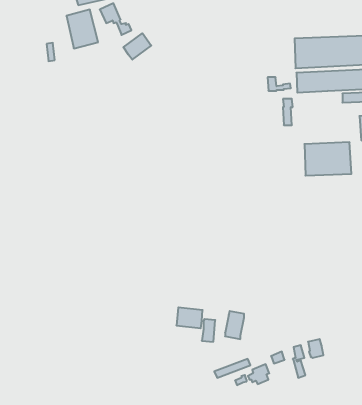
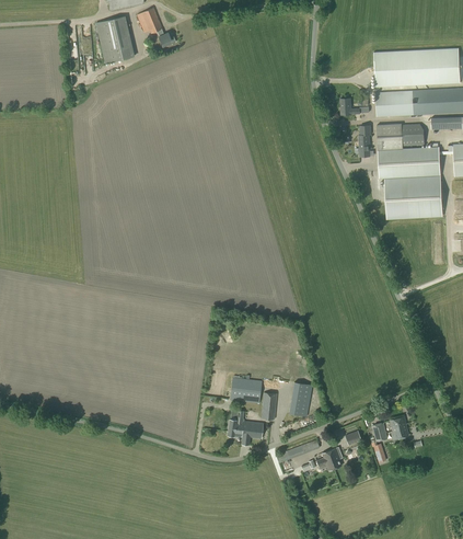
building: [123,33,151,60] -> none
building: none -> [377,123,440,177]
building: none -> [228,410,263,437]

